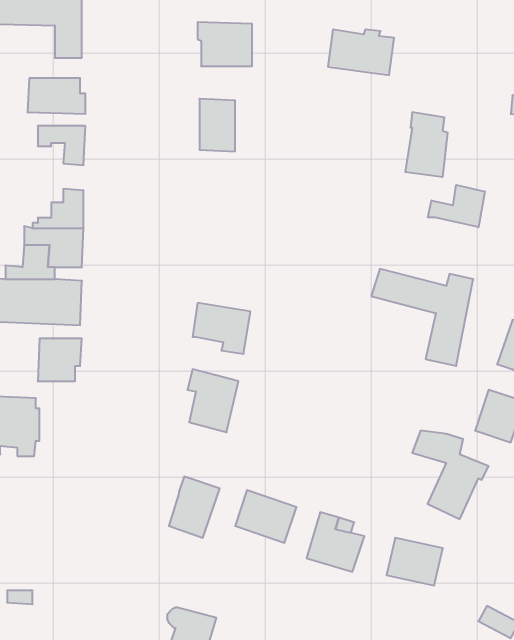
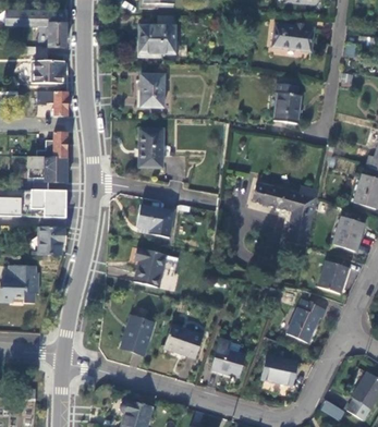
building: [328,29,394,75] -> [271,23,314,52]
building: none -> [138,129,162,168]
building: [428,185,485,227] -> none

